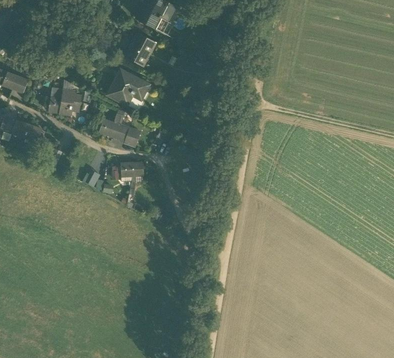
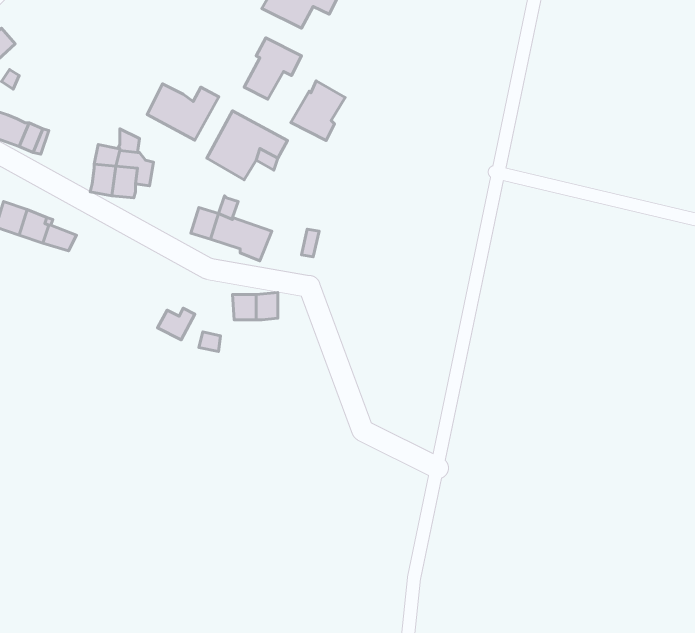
building: none -> [291,81,345,140]
building: none -> [147,84,219,140]

